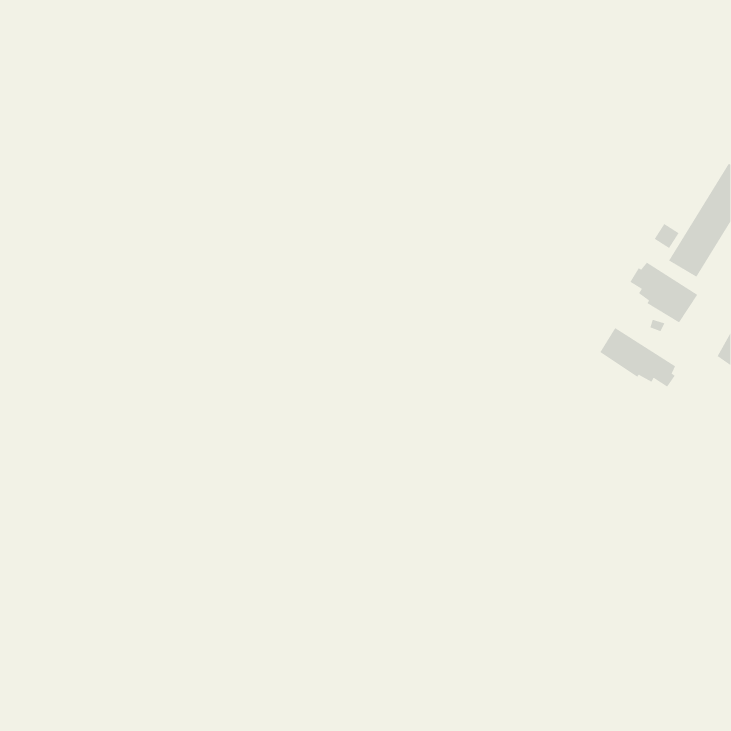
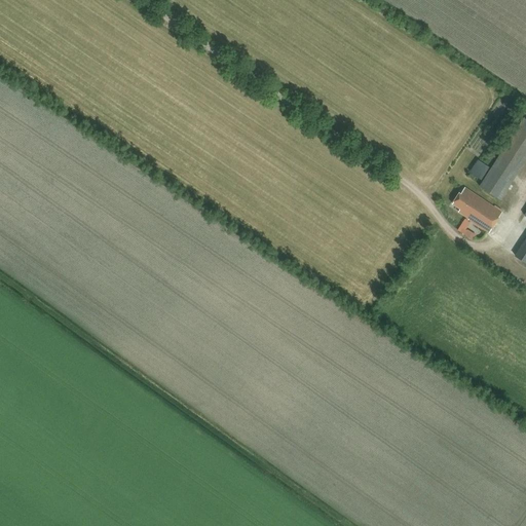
building: [600,327,676,387] -> none

